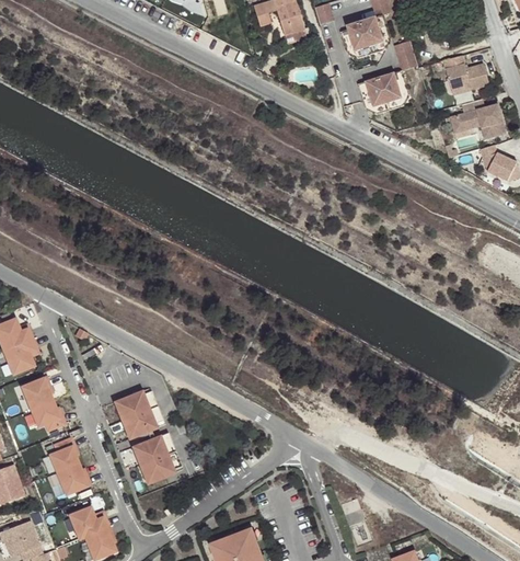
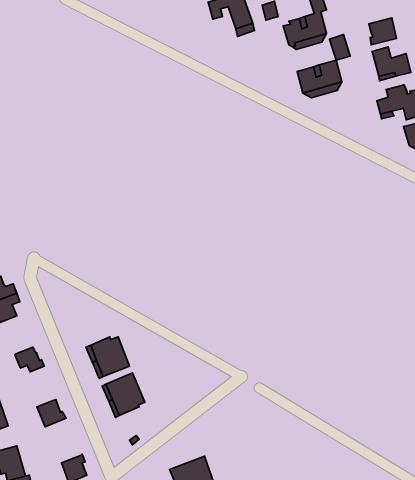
building: none -> [369,18,397,45]
building: [22,378,51,410] -> none
building: [49,438,78,471] -> none
building: [69,507,107,538] -> none

